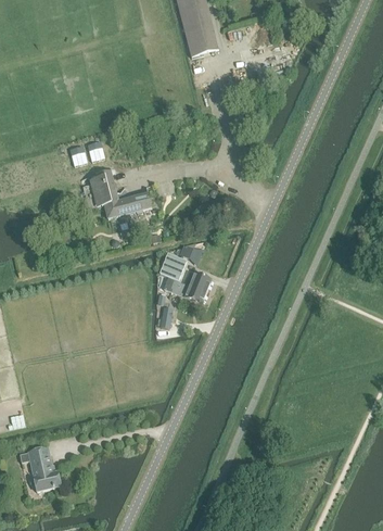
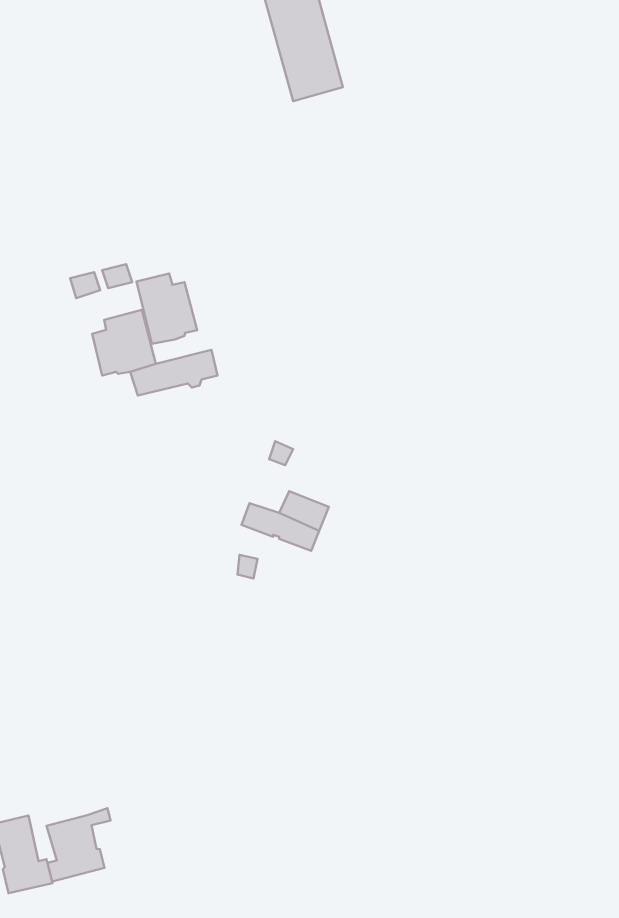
building: none -> [136,274,197,344]
building: [159,252,186,279] -> none
building: none -> [46,808,111,882]

